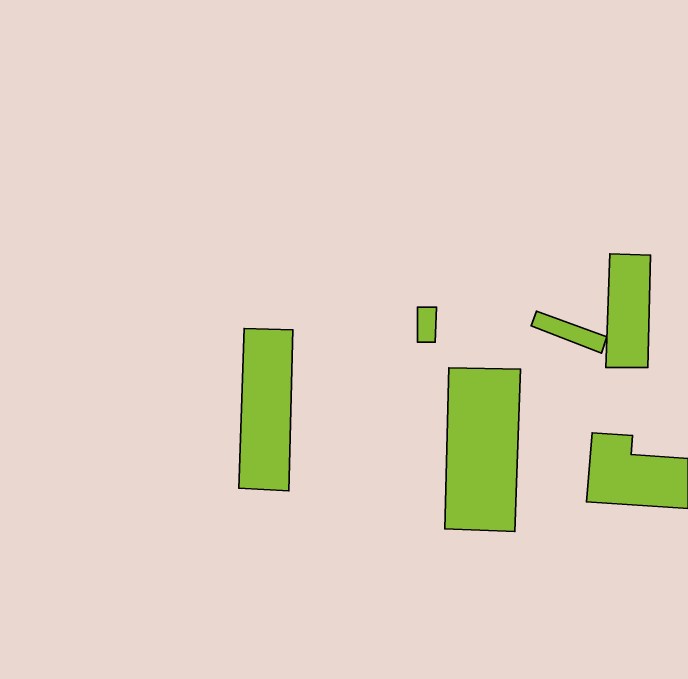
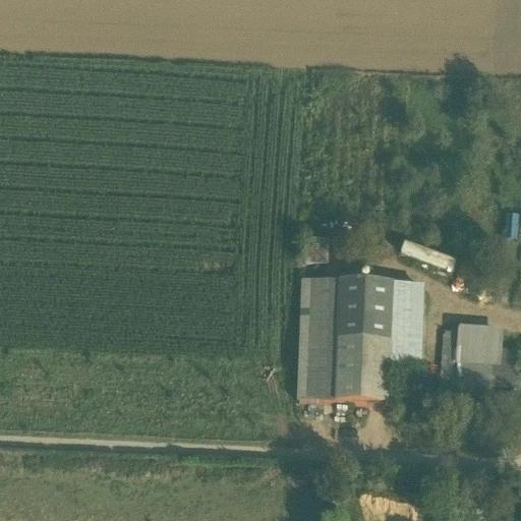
building: [606,254,650,367] -> [389,278,422,363]
building: [239,329,293,491] -> [297,276,338,398]

